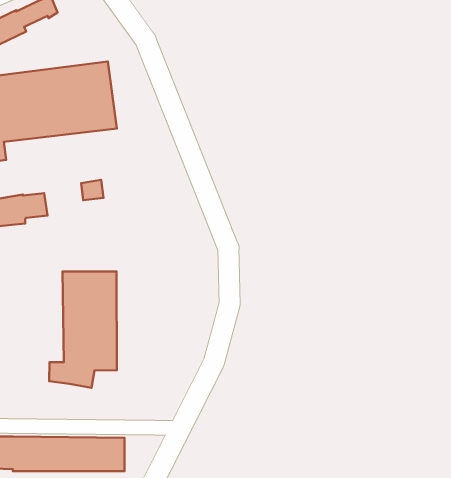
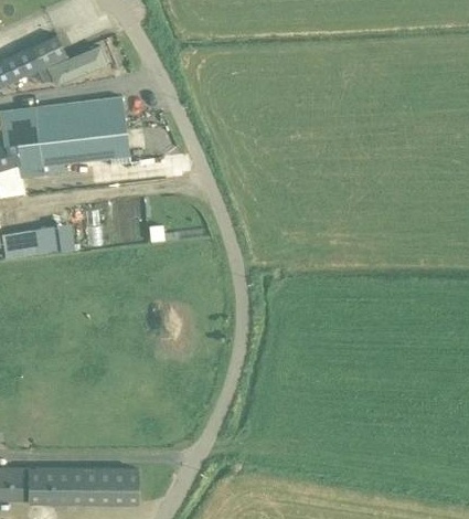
building: none -> [46,45,107,86]
building: [49,271,117,388] -> none

